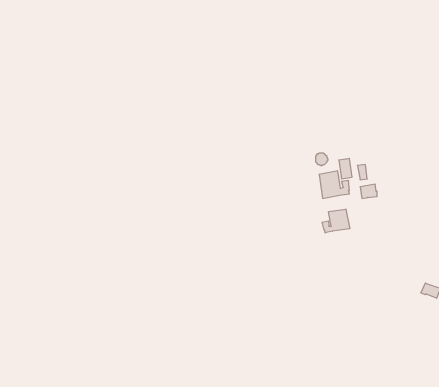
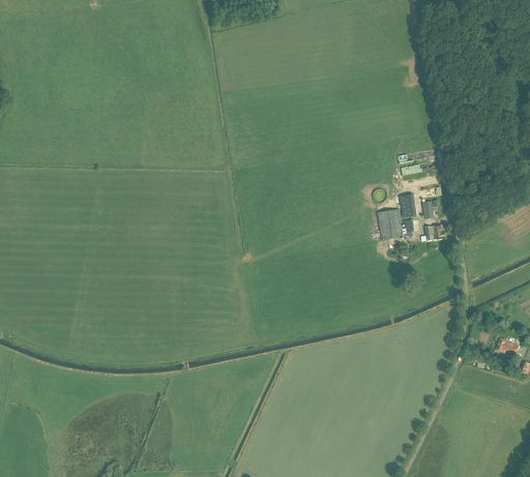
building: [322,209,350,233] -> none

